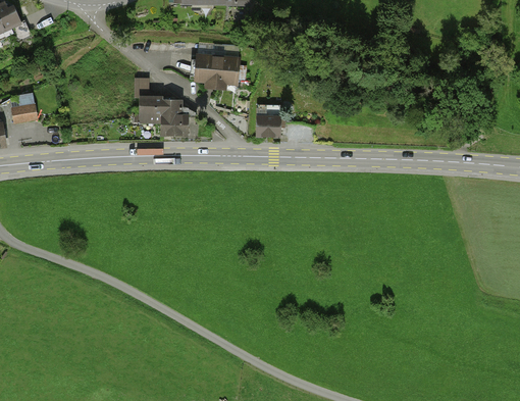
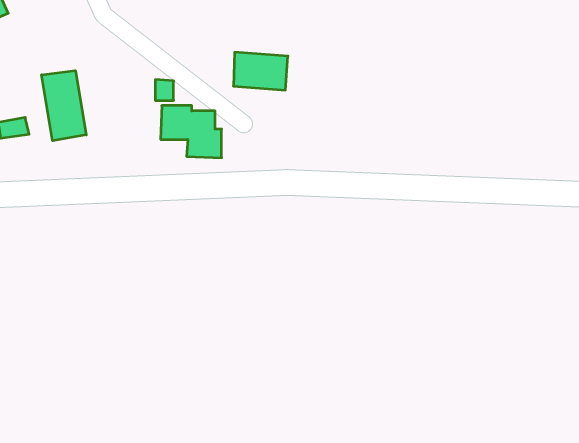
building: none -> [42,71,86,141]
building: [256,114,279,136] -> none

